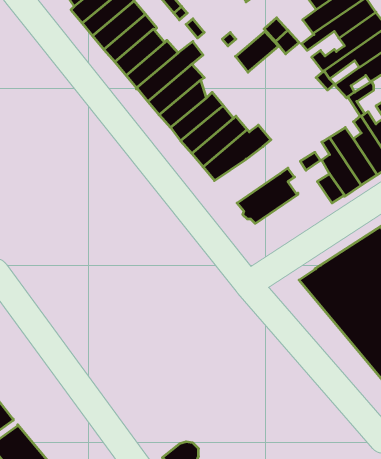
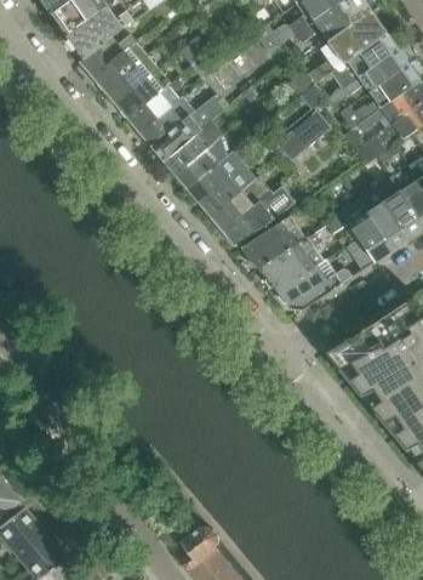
building: [235,32,278,72] -> [281,115,327,159]
building: none -> [241,215,305,269]
building: none -> [279,260,355,311]

